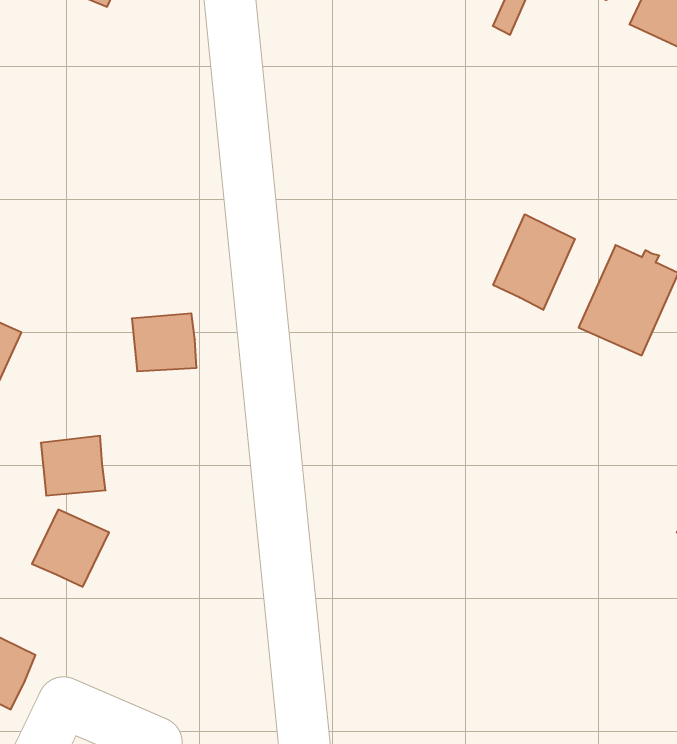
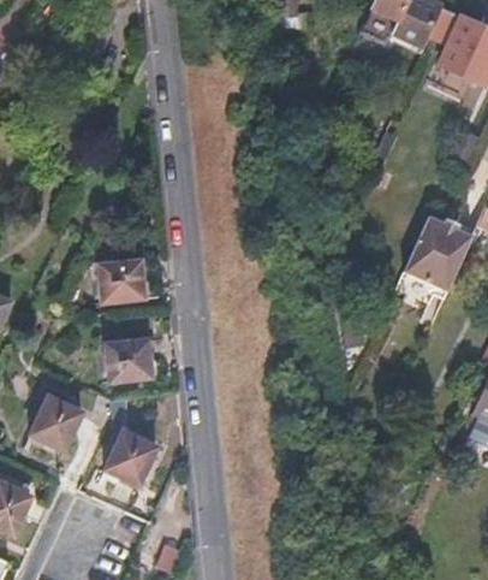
building: [493,214,575,310] -> none
building: [41,436,106,496] -> [106,341,150,381]
building: none -> [106,432,156,485]

